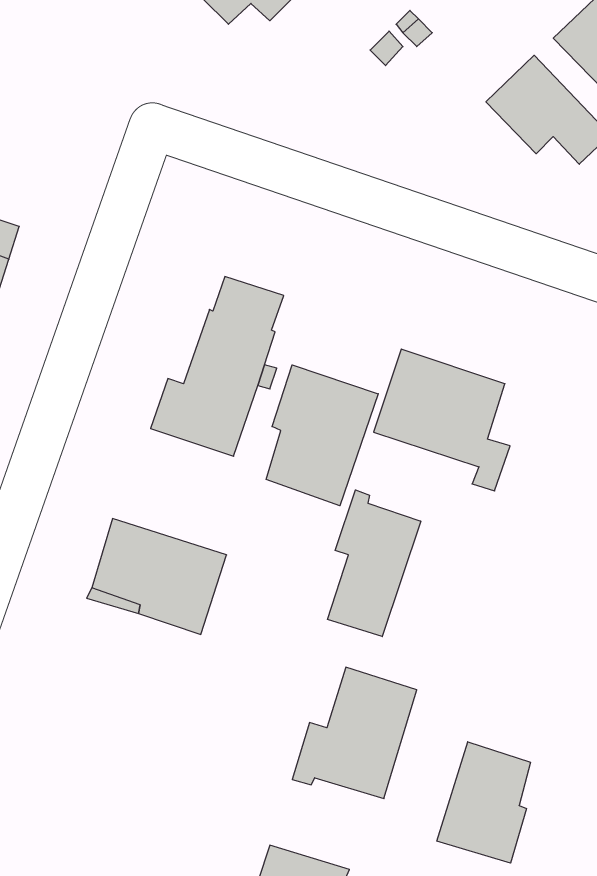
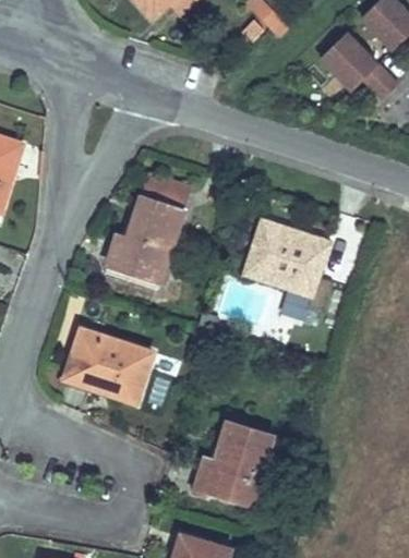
building: [266,365,378,506] -> none
building: [328,490,421,637] -> none
building: [437,742,531,863] -> none

